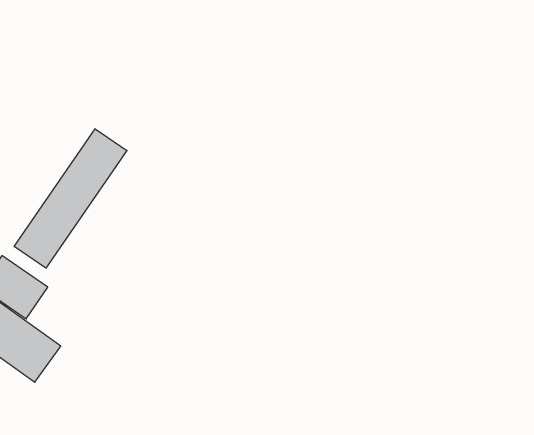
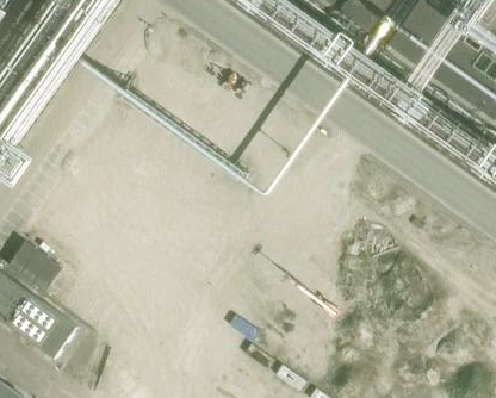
building: [14,129,127,268] -> none

